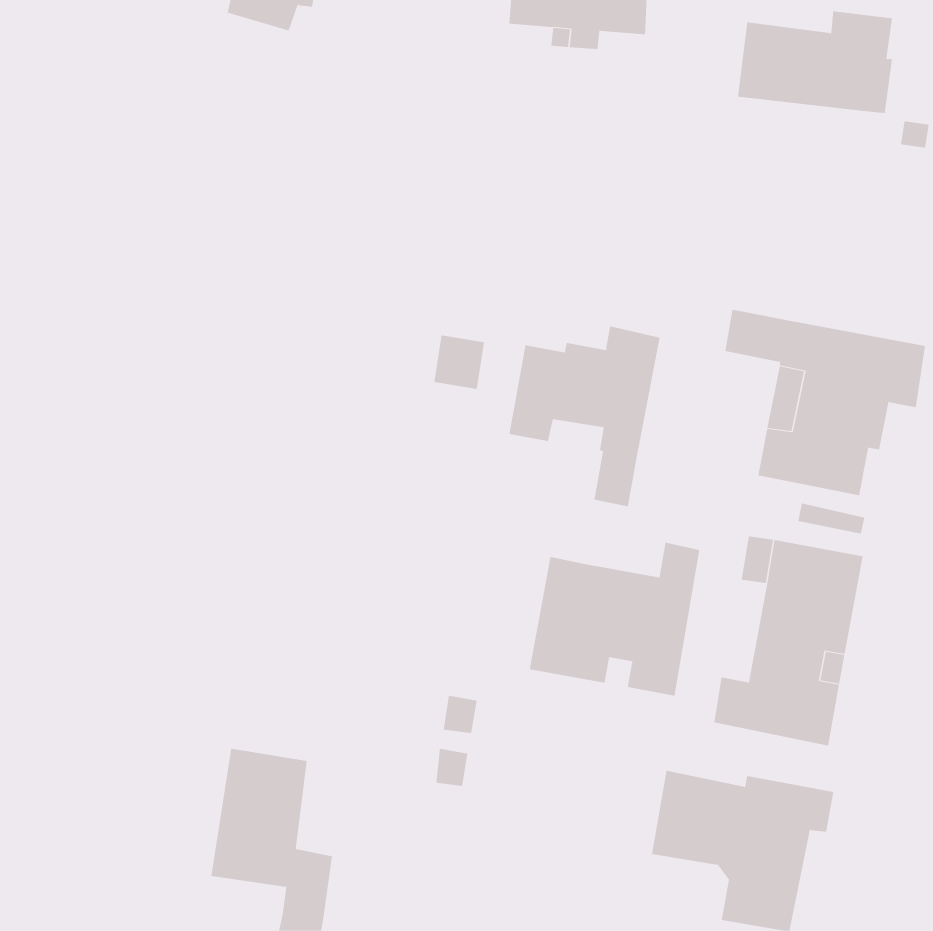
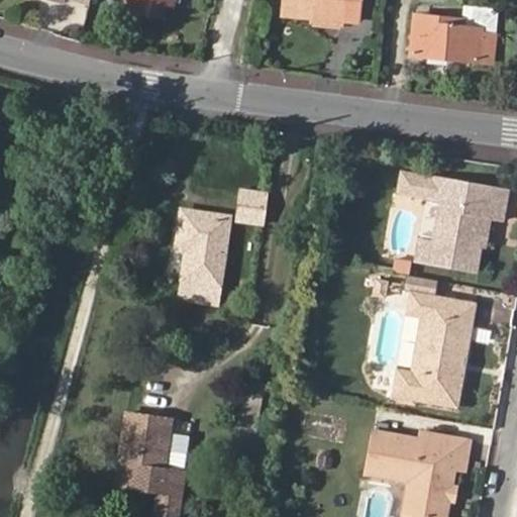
building: [509,325,660,507] -> none
building: none -> [178,210,229,298]
building: [529,542,700,697] -> none

